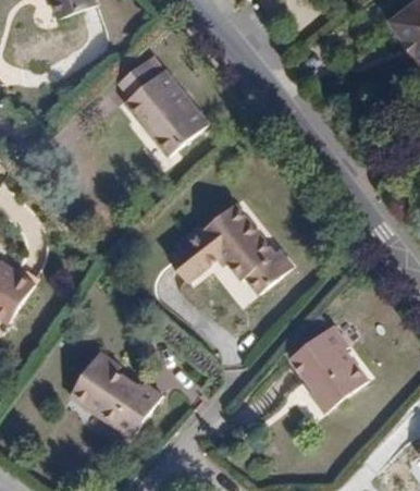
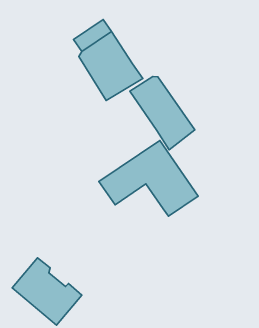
building: none -> [130,76,195,150]
building: [288,323,366,406] -> none

